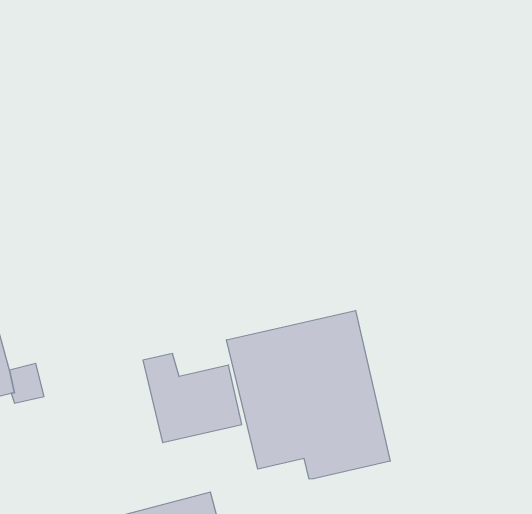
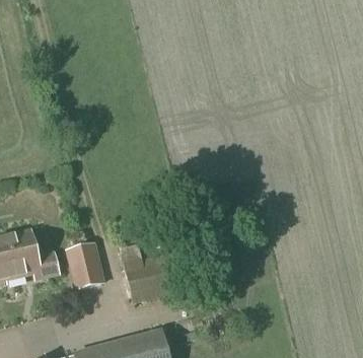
building: [227,310,390,479] -> none
building: none -> [69,242,102,288]

